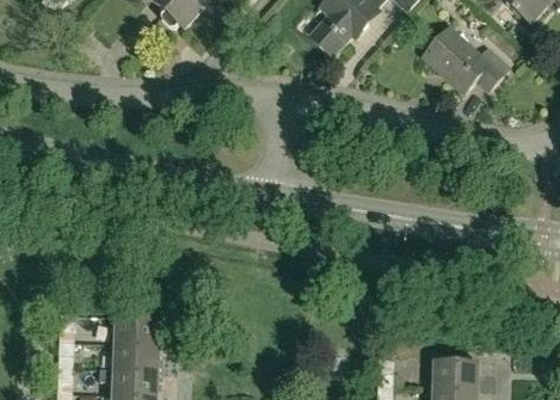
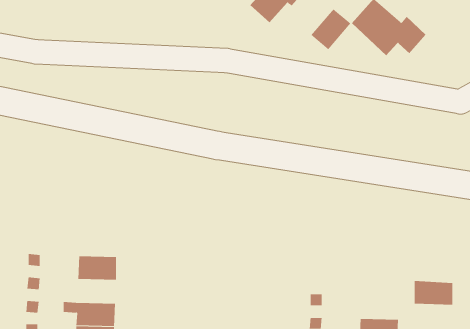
building: none -> [310,8,351,50]
building: [113,343,159,370] -> none
building: [432,361,476,388] -> [414,281,453,305]

